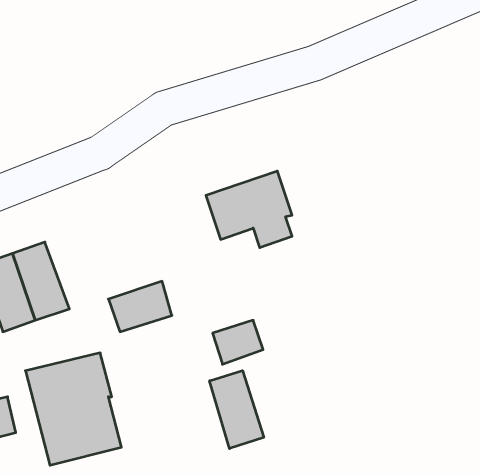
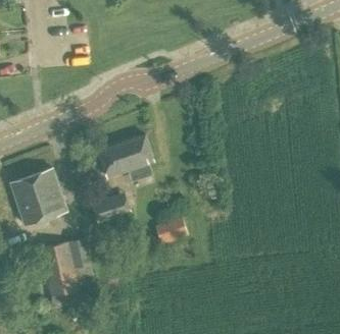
building: [206,171,292,248] -> [99,133,153,181]
building: [210,371,264,449] -> none

